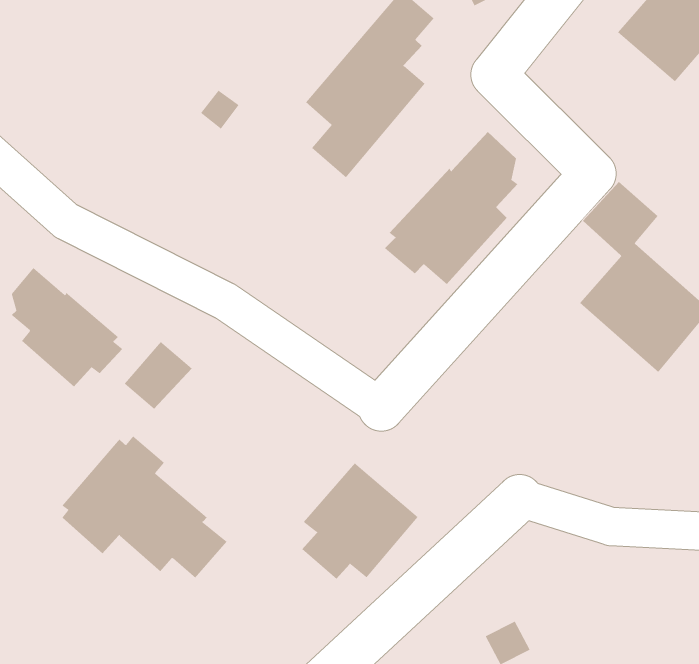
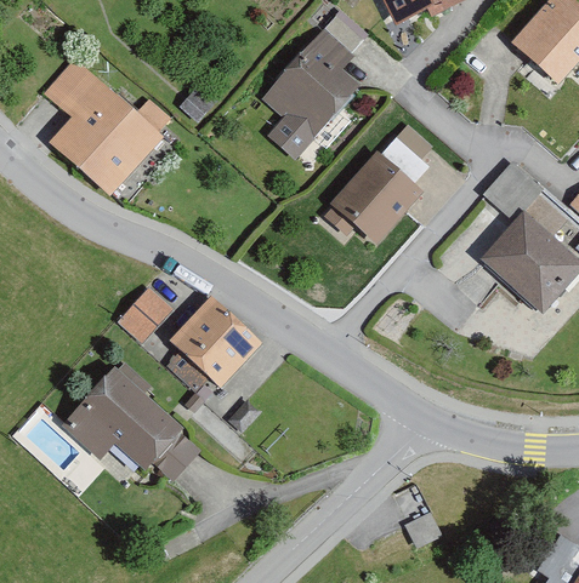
building: none -> [42,56,171,196]
building: [11,267,123,388] -> none
building: [301,462,419,580] -> [168,297,261,390]

